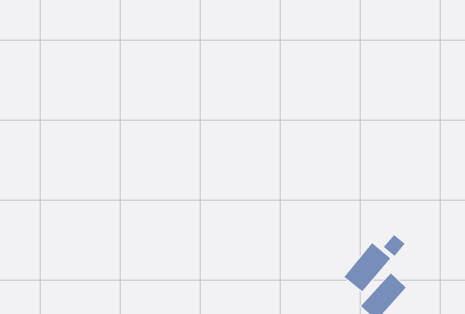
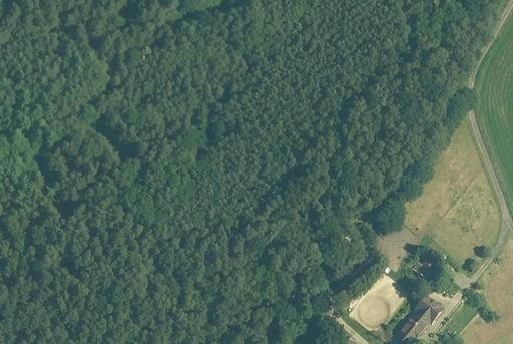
building: [343,242,391,292] -> none

